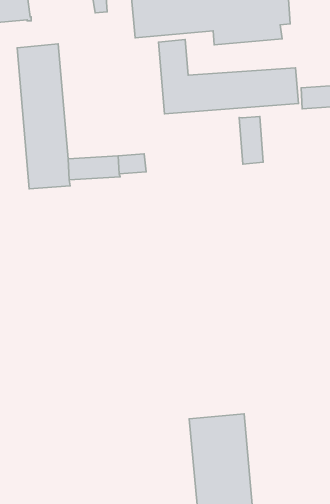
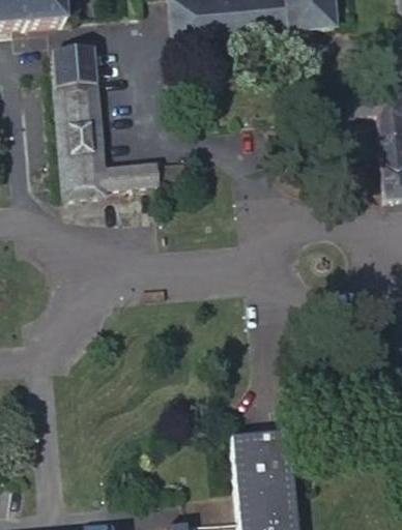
building: [158,39,298,114] -> none
building: [239,117,263,164] -> none

